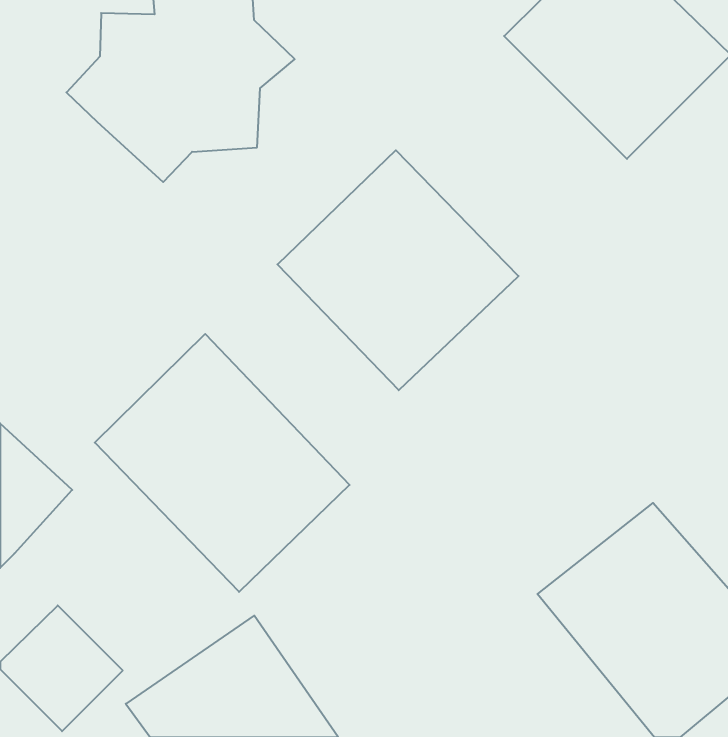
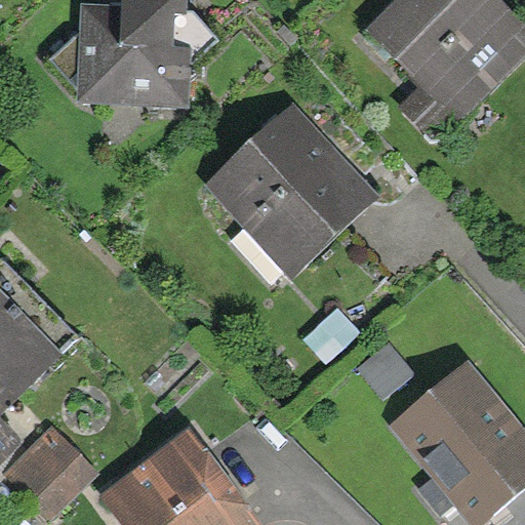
building: [95,334,350,592] -> none

